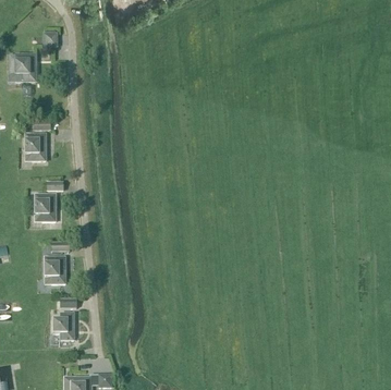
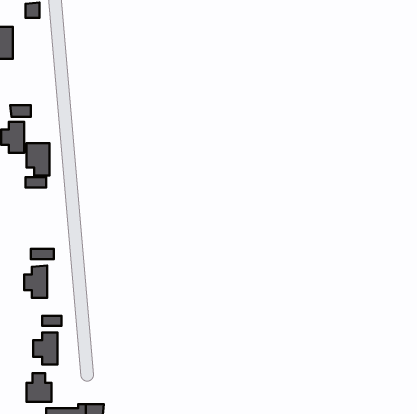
building: [35,195,54,222] -> [26,143,49,175]
building: none -> [26,373,51,402]

